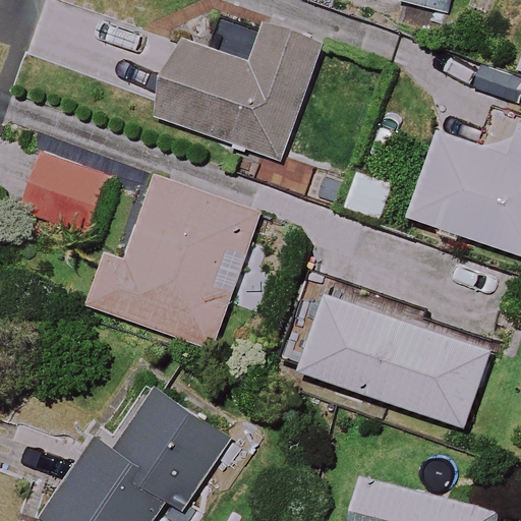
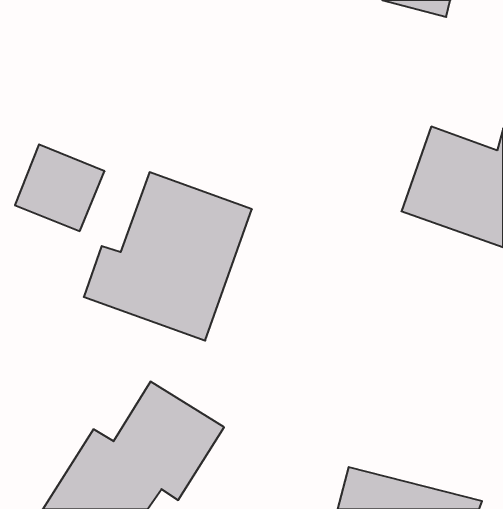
building: [151,25,319,160] -> none
building: [303,294,489,426] -> none

